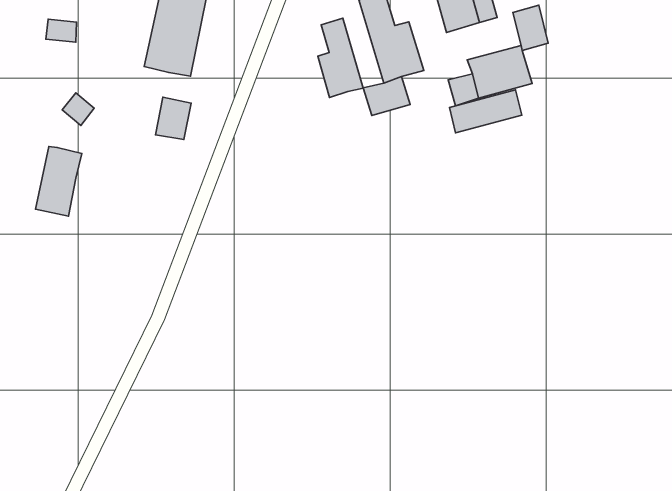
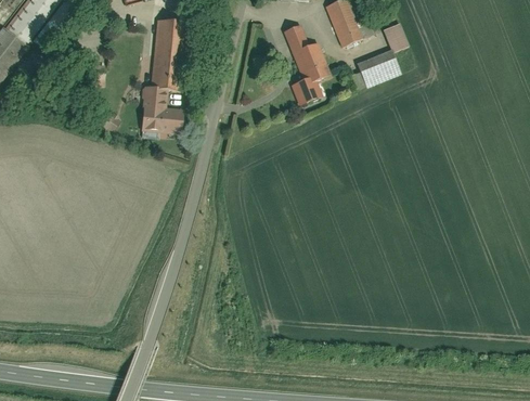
building: [318,18,363,97] -> none
building: [449,90,522,133] -> none
building: [36,147,82,216] -> [140,88,166,131]

